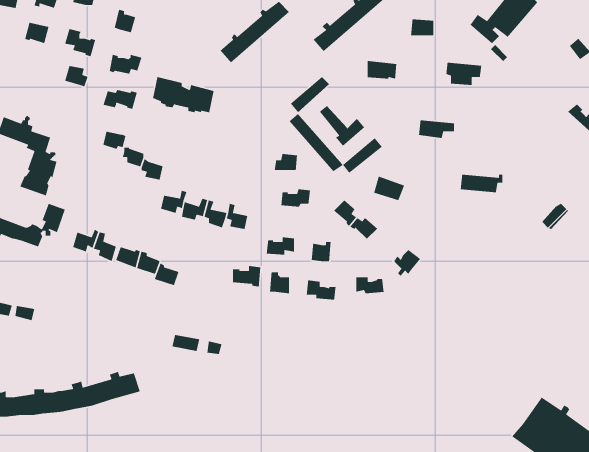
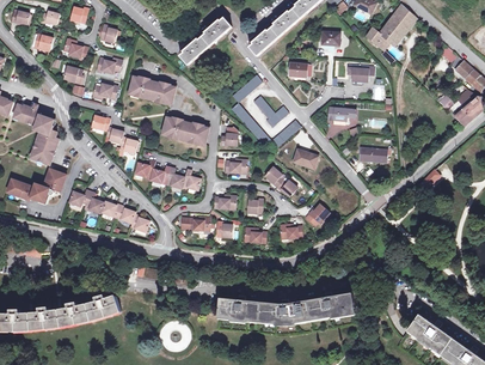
building: none -> [162,114,210,142]
building: none -> [217,291,355,322]

